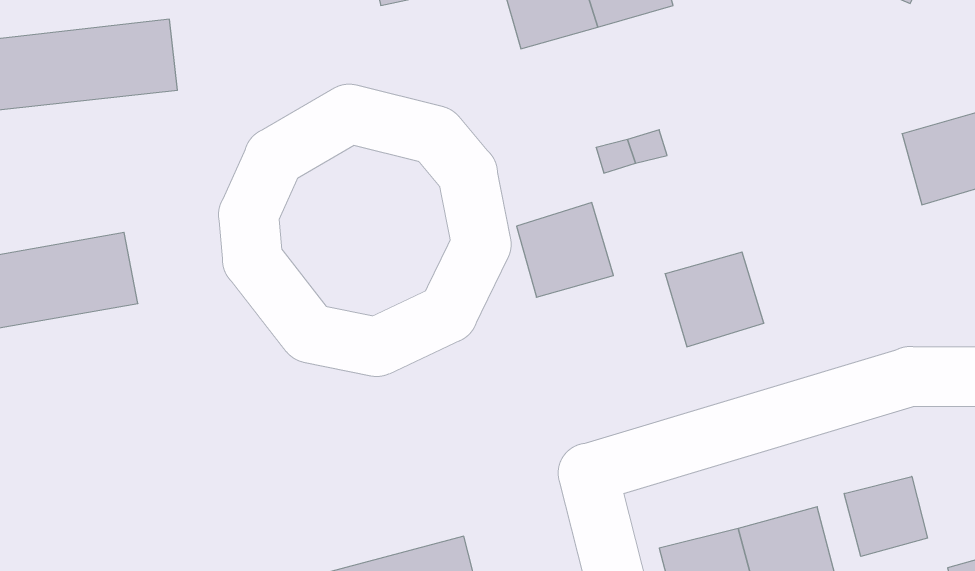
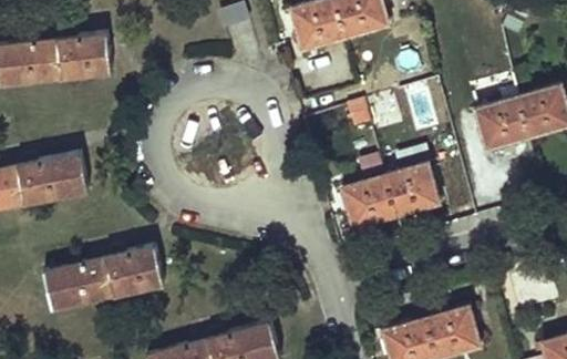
building: none -> [473,96,527,148]
building: [517,203,613,297] -> [341,175,395,228]
building: none -> [42,245,163,309]
building: [844,476,928,556] -> none

